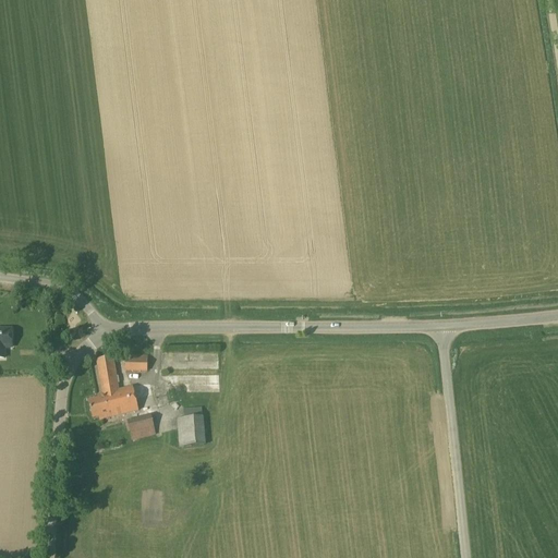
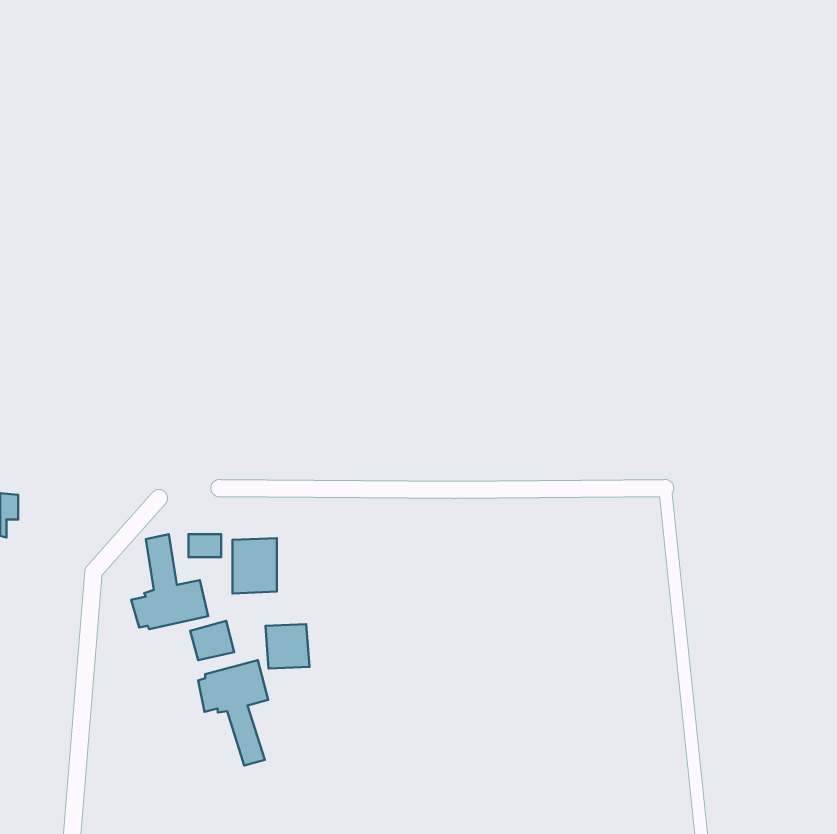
building: none -> [233,538,277,593]
building: none -> [198,660,268,765]

